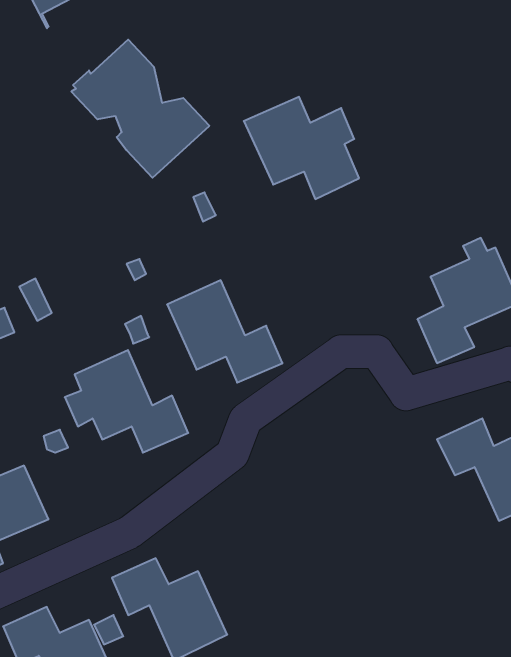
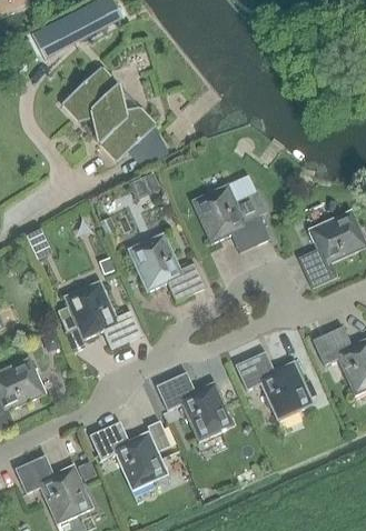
building: [244,97,359,199] -> [190,183,269,253]
building: none -> [235,351,314,420]
building: none -> [156,371,235,441]

